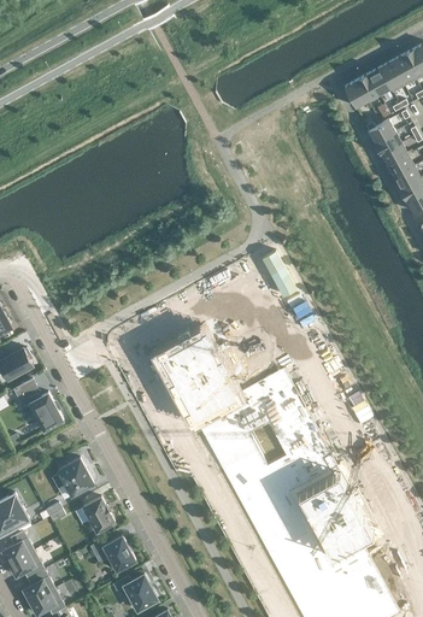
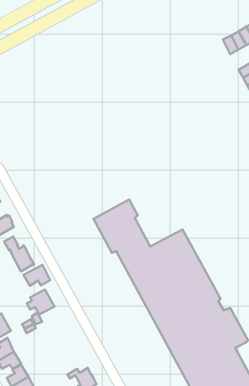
building: none -> [24,265,50,286]
building: [82,498,113,533] -> none
building: [89,535,135,571] -> none

